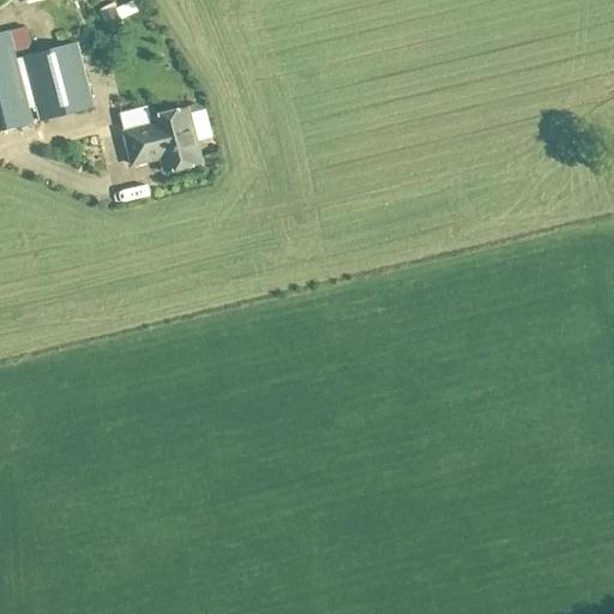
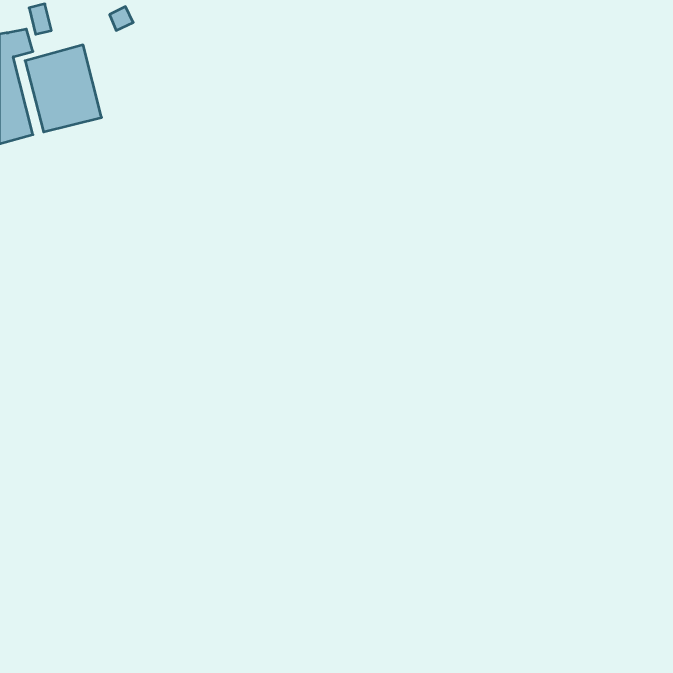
building: [124,108,201,171] -> none

